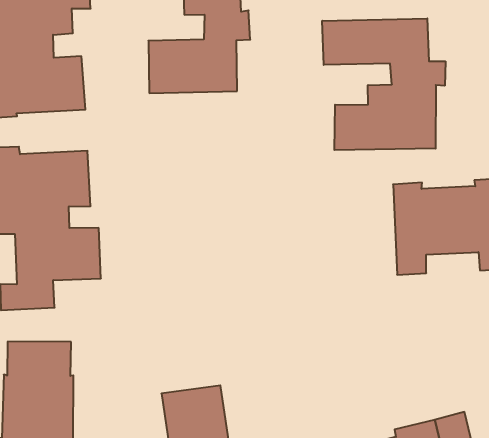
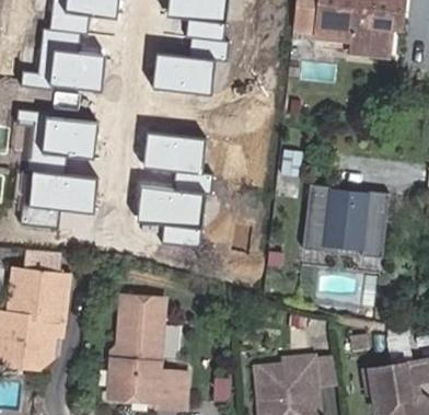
building: [322,18,445,150] -> none
building: none -> [131,130,211,249]

